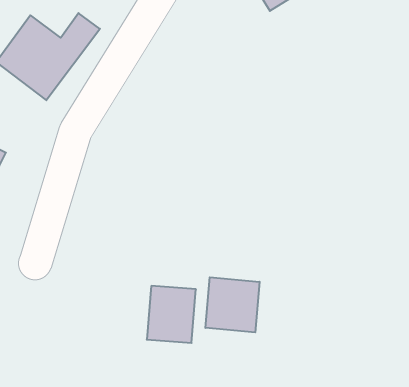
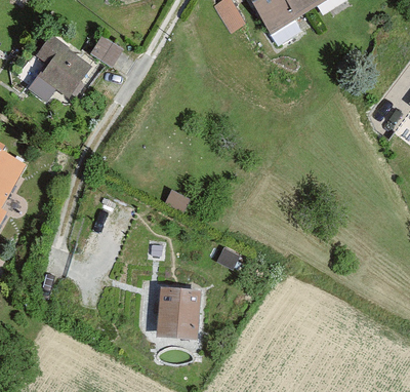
building: [205,277,260,332] -> none

